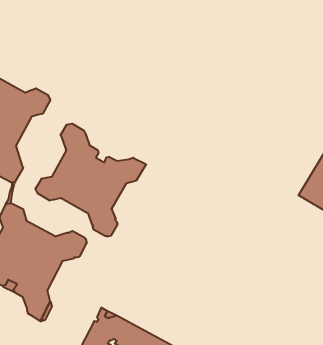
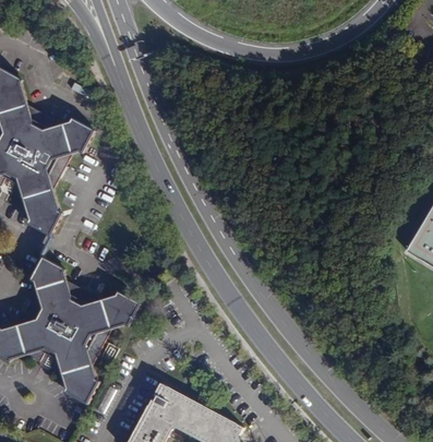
building: [35,124,146,237] -> none

